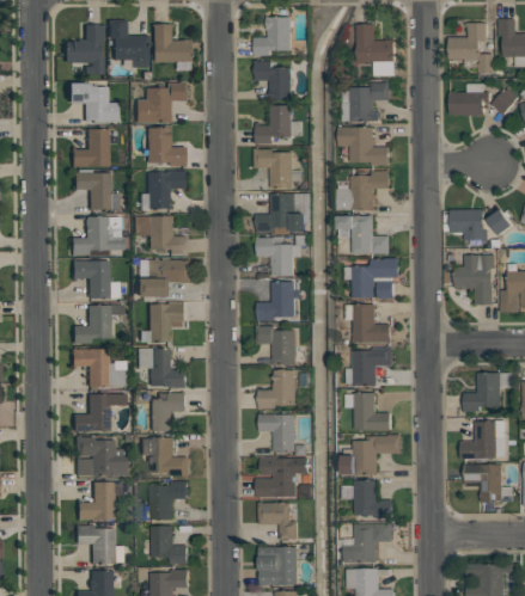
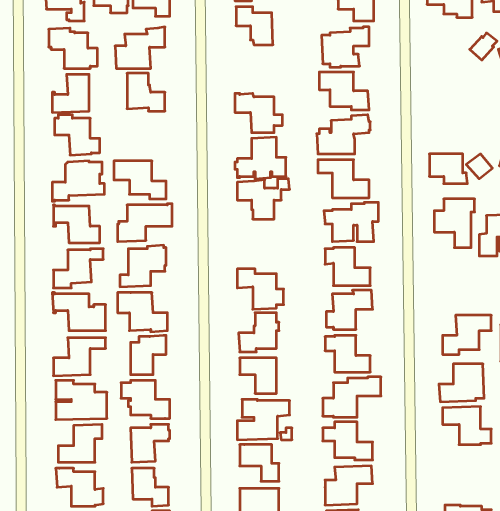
building: [451,82,492,115] -> none
building: [257,105,304,143] -> none
building: [135,171,184,210] -> none
building: [258,281,304,320] -> none

